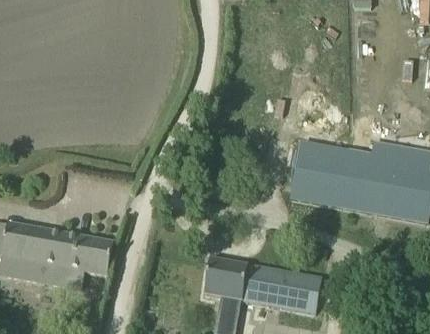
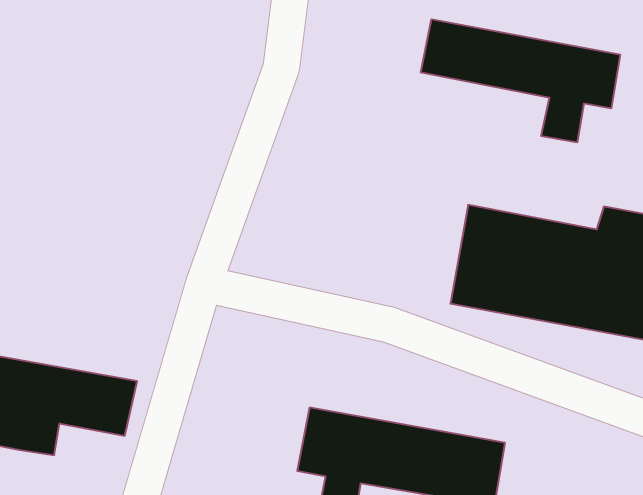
building: none -> [421,19,620,142]

